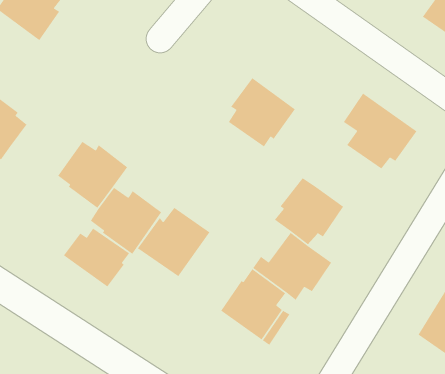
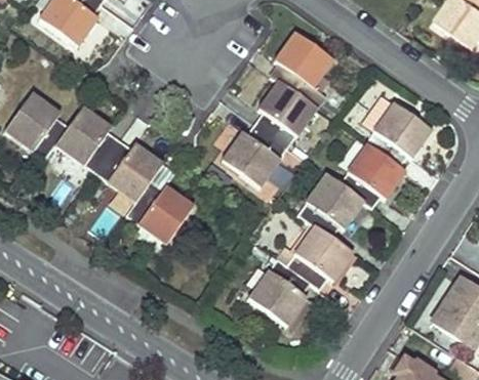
building: none -> [271,30,334,109]
building: none -> [52,103,119,171]
building: none -> [338,142,407,206]
building: [137,207,210,277] -> [221,121,289,186]
building: [63,227,130,287] -> none

